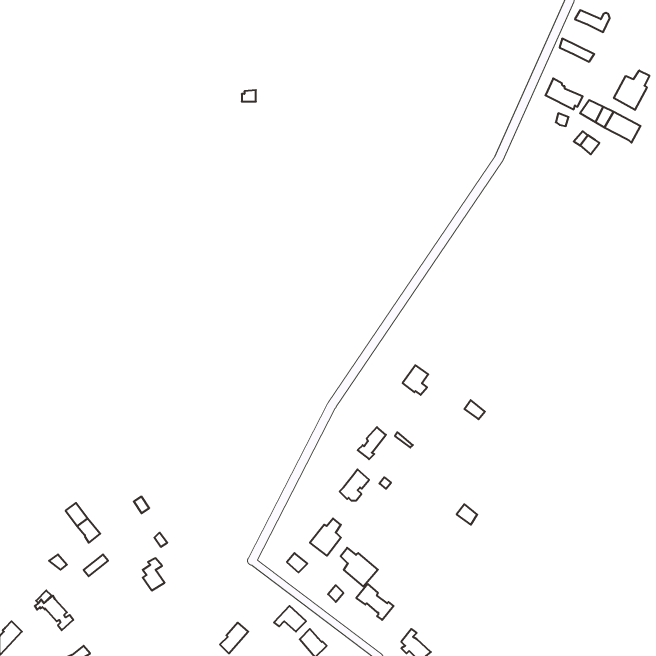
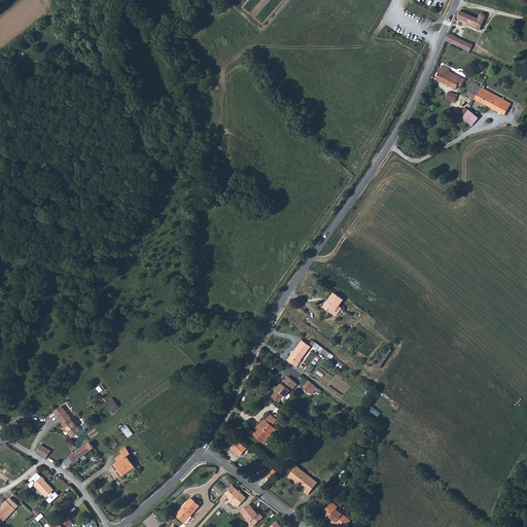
building: [614,70,649,110] -> none
building: [341,548,378,586] -> none

